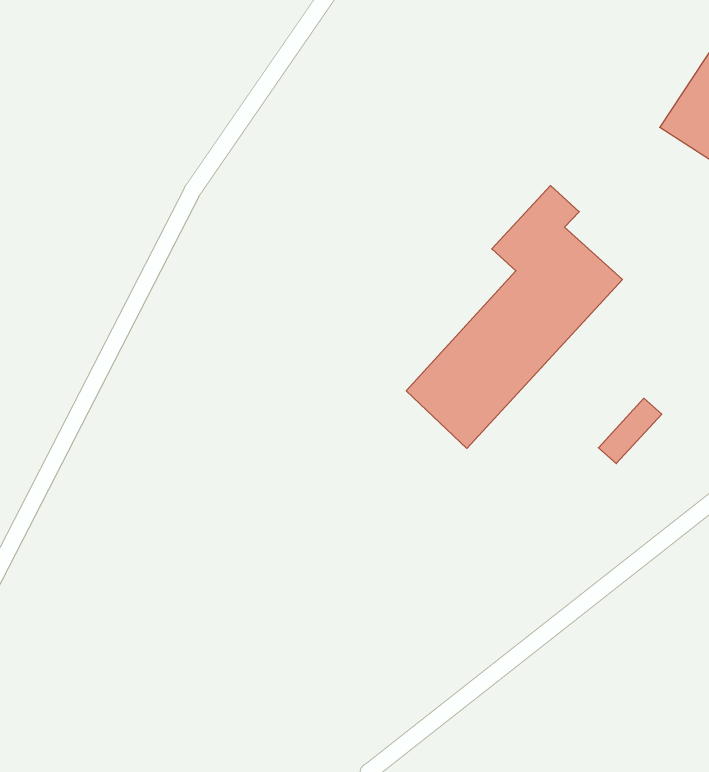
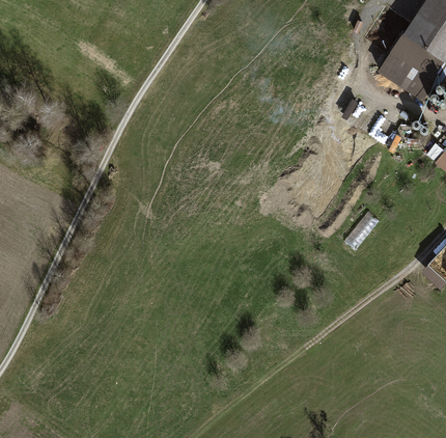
building: [406,186,622,448] -> none

